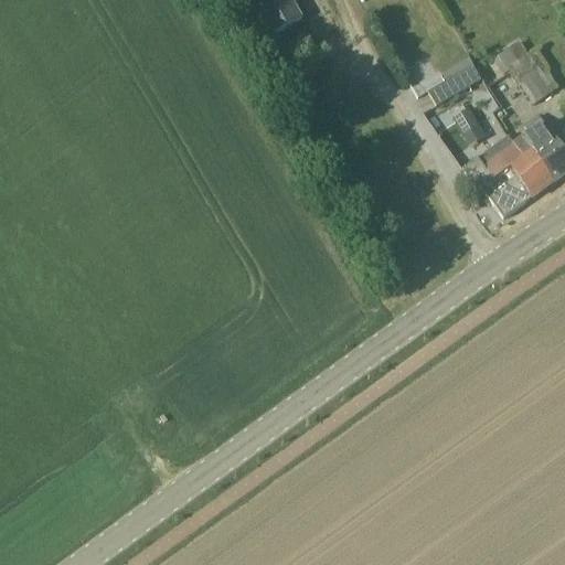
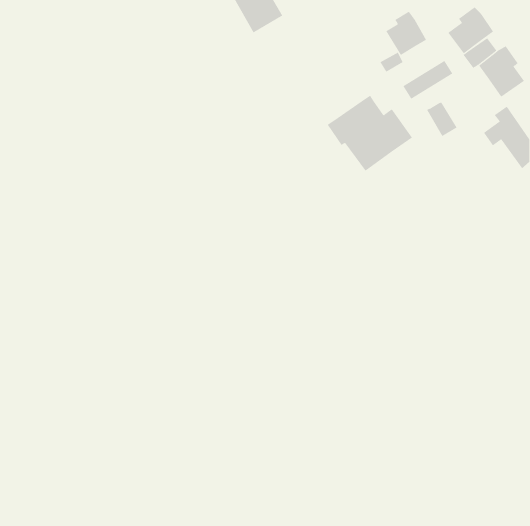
building: none -> [448,6,494,54]
building: none -> [385,11,427,56]
building: [463,135,555,216] -> [327,95,413,172]

